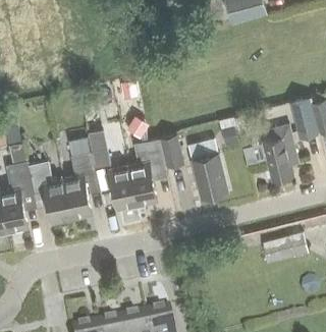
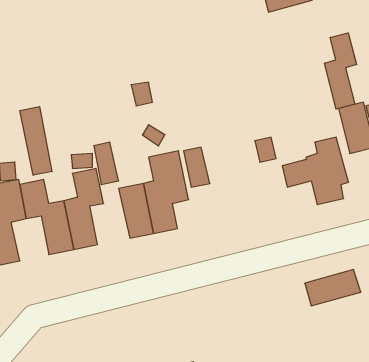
building: none -> [325,33,357,109]
building: none -> [20,107,52,175]
building: [193,151,228,197] -> none

